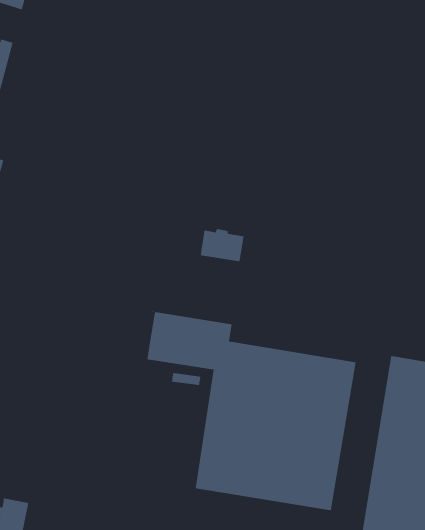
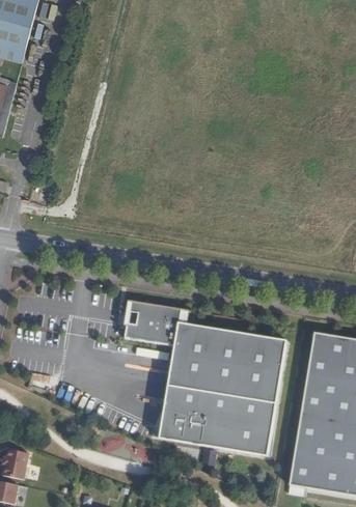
building: [200,228,244,262] -> none

